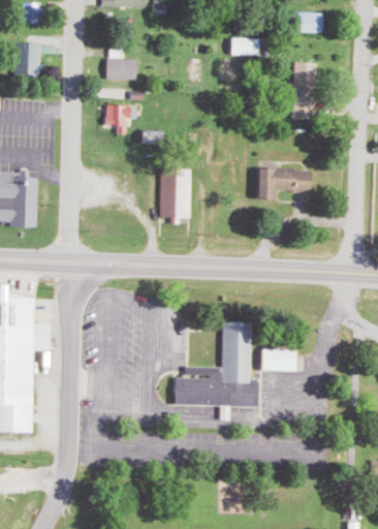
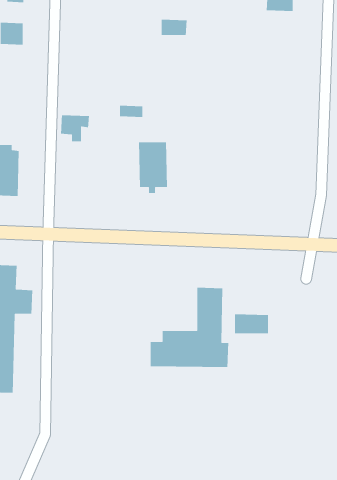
building: [231,39,259,57] -> [161,19,187,36]
building: [108,50,137,81] -> none
building: [294,64,317,121] -> none
building: [106,106,137,135] -> [60,114,90,142]
building: [256,168,311,199] -> none

